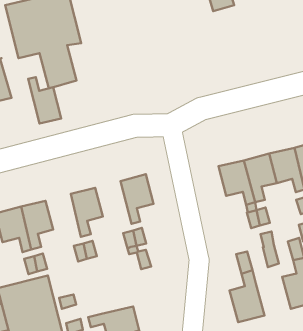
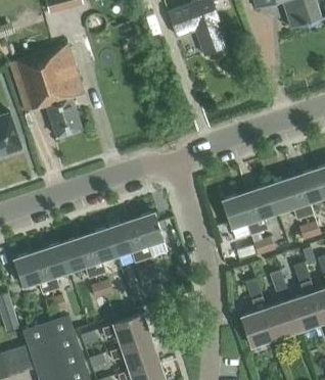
building: [28,77,61,124] -> none
building: none -> [107,221,144,263]
building: none -> [61,236,97,278]
building: none -> [266,300,300,338]
building: none -> [101,314,151,347]

